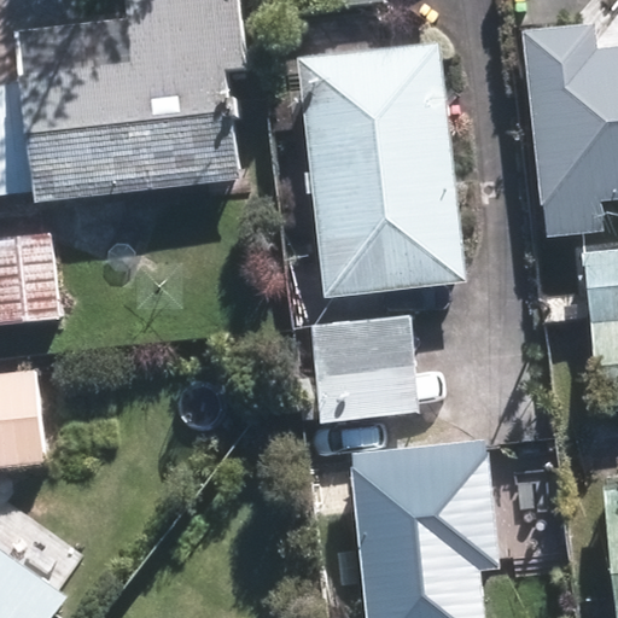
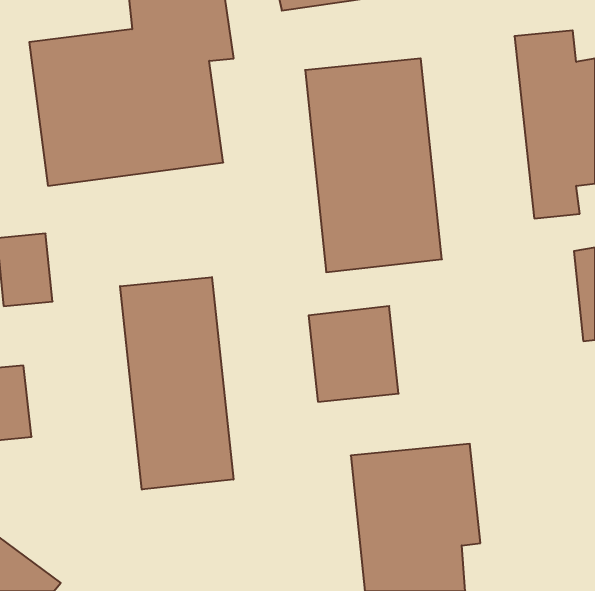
building: none -> [120,277,233,490]

